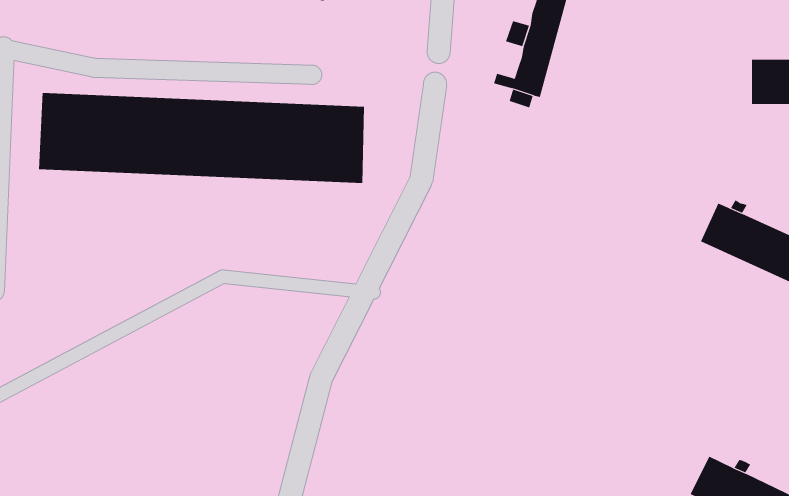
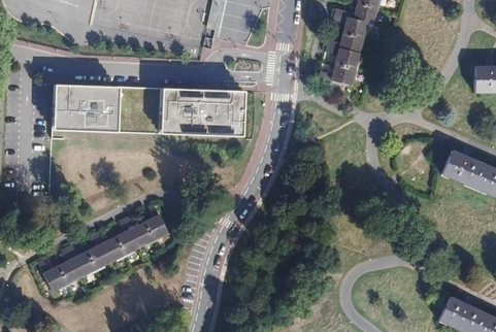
building: none -> [38,202,168,288]

